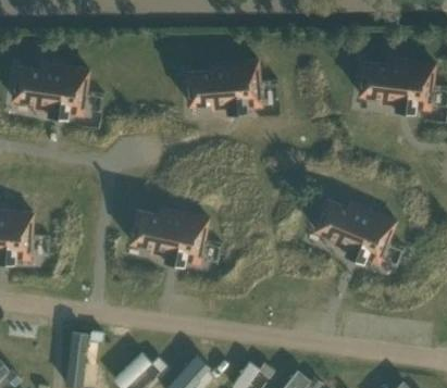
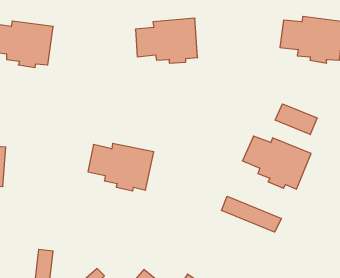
building: none -> [275,104,317,135]
building: none -> [222,196,281,232]

